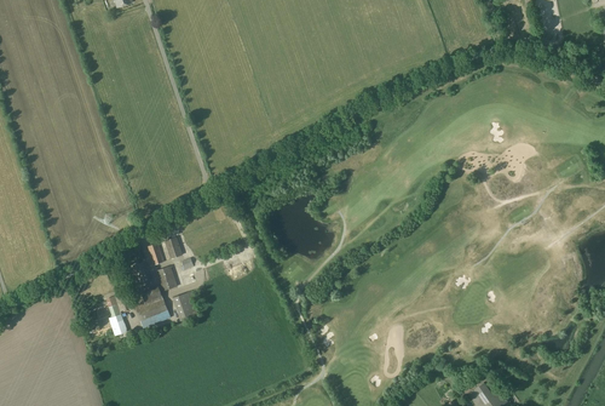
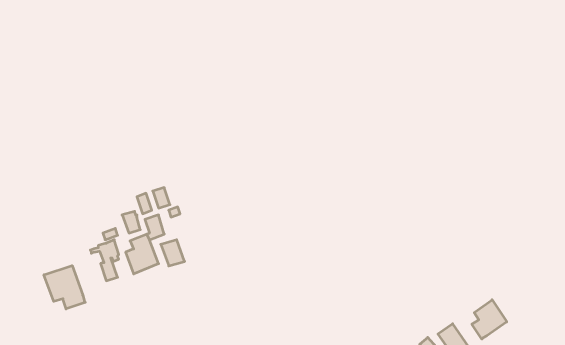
building: none -> [44,266,85,309]
building: none -> [472,300,507,339]

